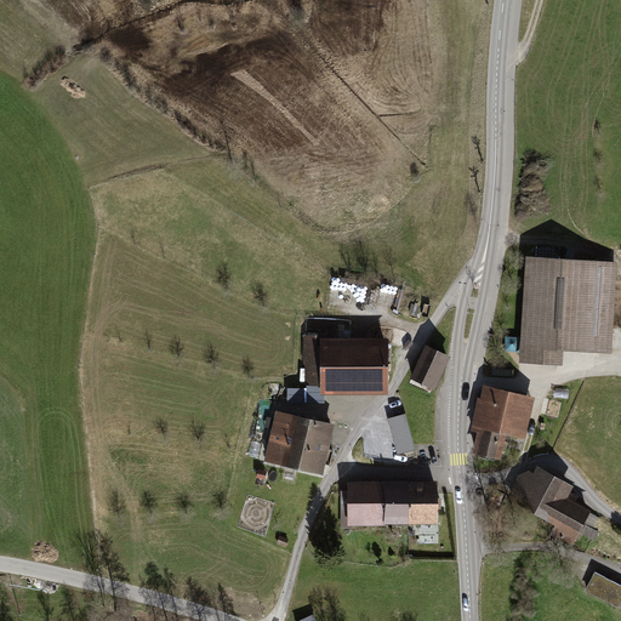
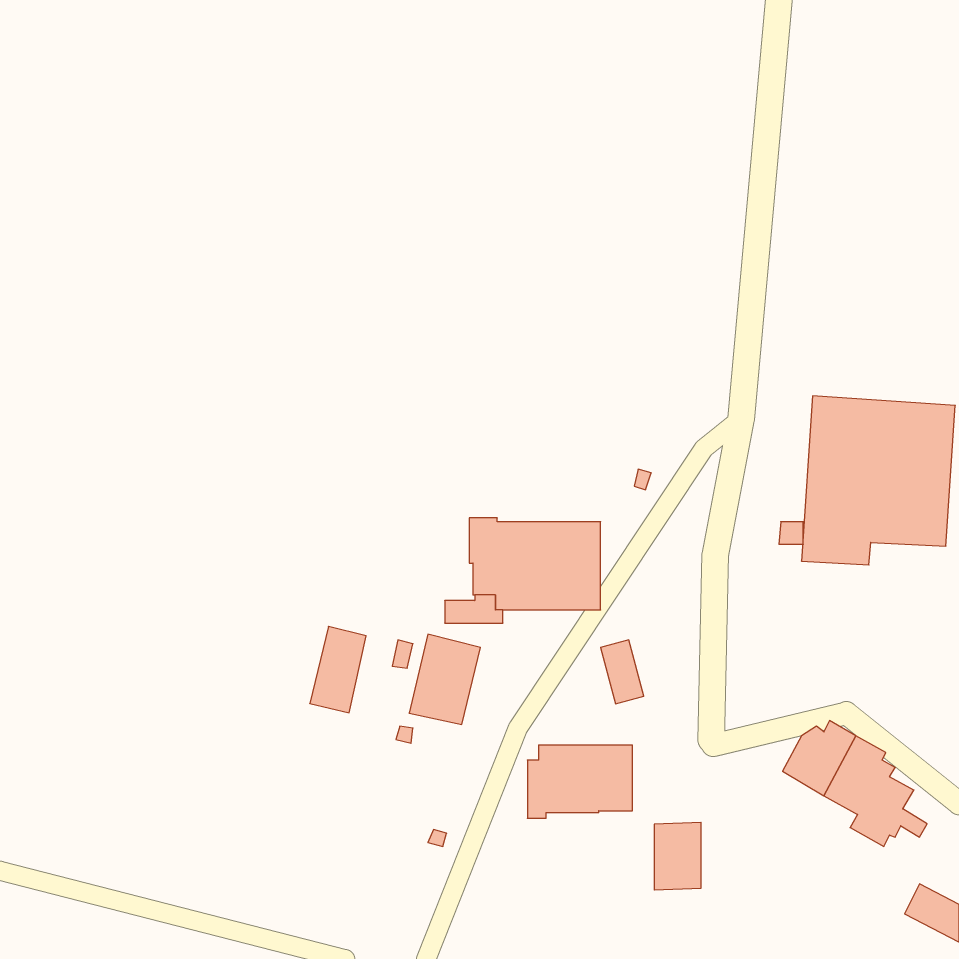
building: [410,344,451,391] -> none
building: [469,384,535,460] -> none
building: [298,418,335,474] -> [310,626,366,713]
building: [409,480,439,524] -> [654,822,701,890]

